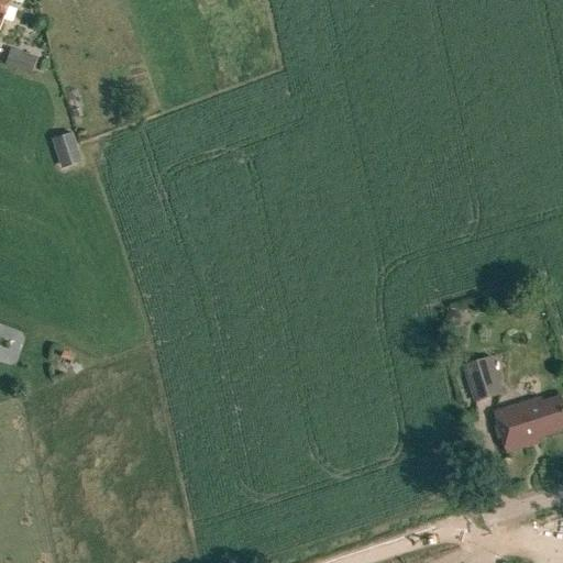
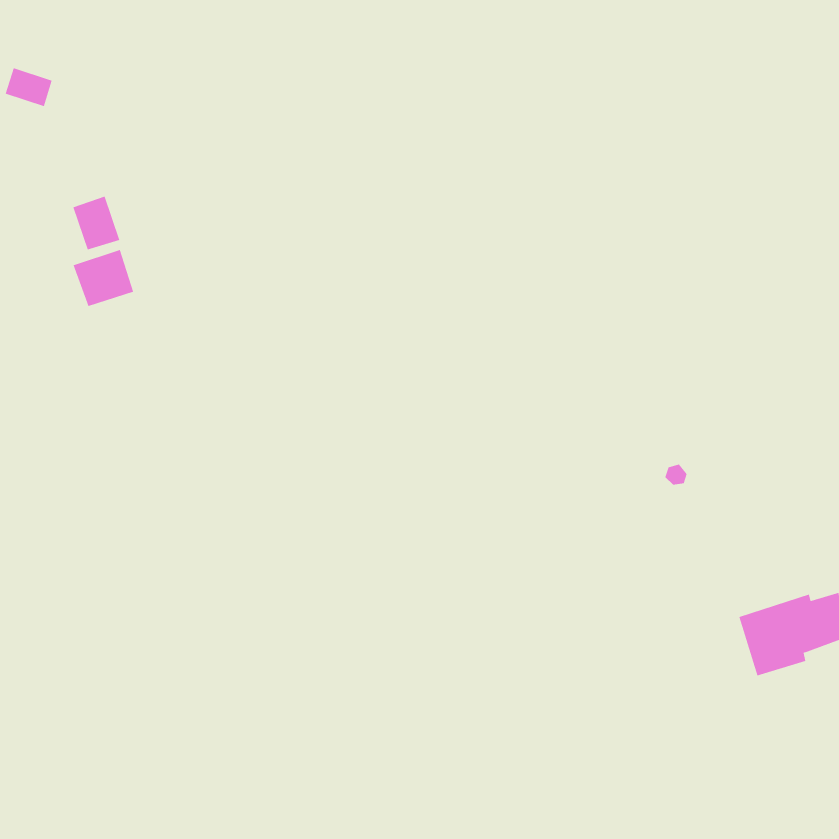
building: none -> [73,249,134,307]
building: [463,355,504,401] -> none

